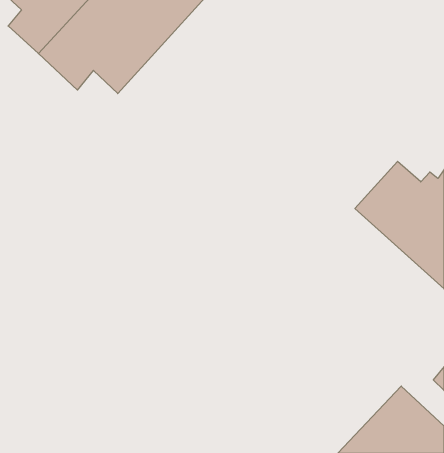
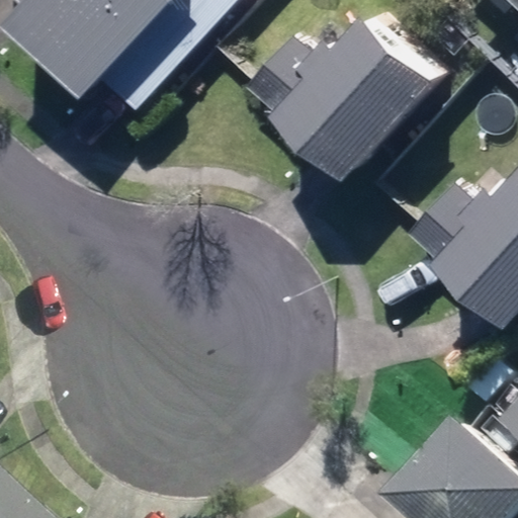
building: none -> [241,23,435,186]

